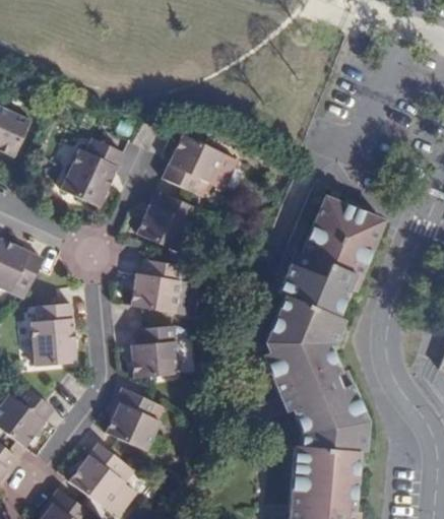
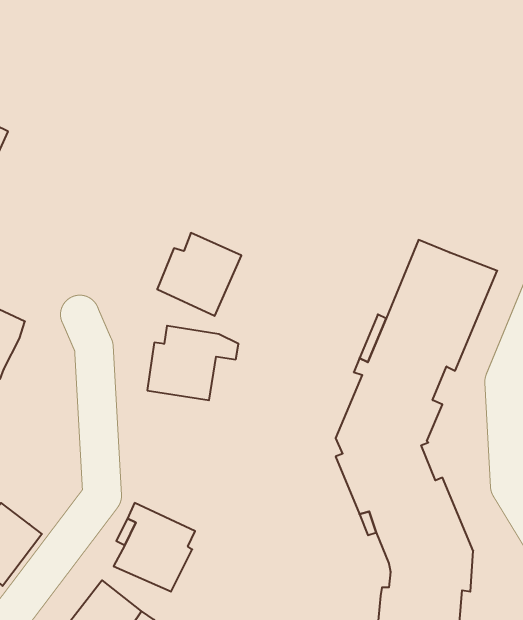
building: [161,134,223,197] -> none
building: [60,137,122,205] -> none
building: [30,303,76,366] -> none
building: [131,326,180,377] -> none

